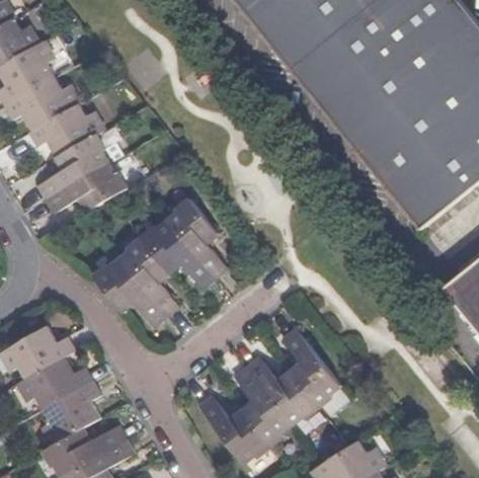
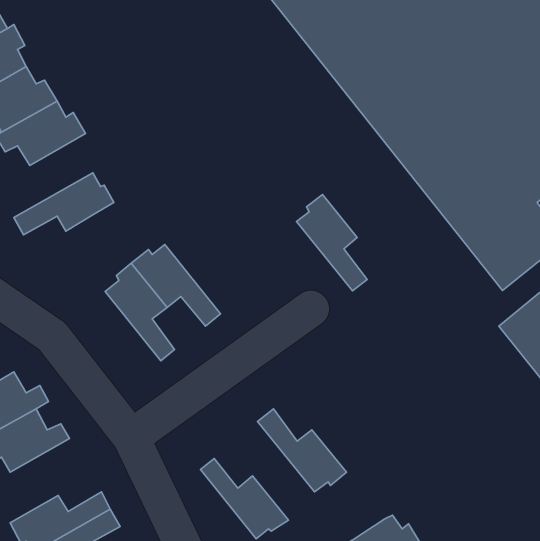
building: [38,135,110,200] -> none
building: [169,200,227,278] -> [297,194,367,291]
building: [93,260,166,327] -> none
building: [282,329,339,408] -> none
building: [233,367,292,448] -> none
building: [43,381,99,444] -> none

